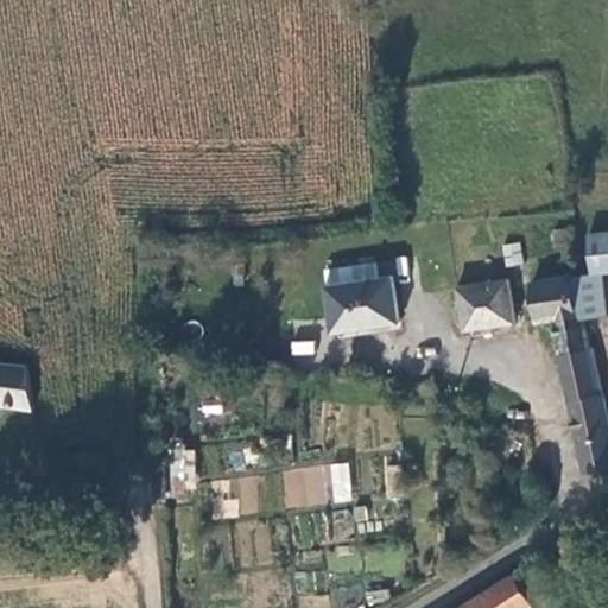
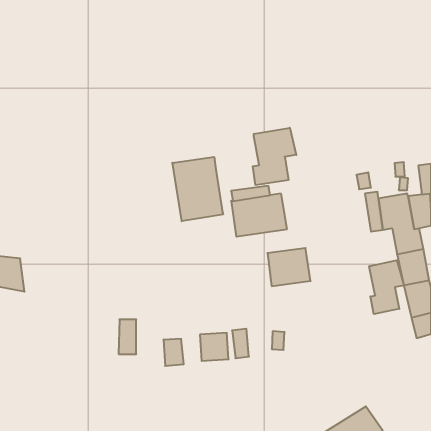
building: none -> [253,128,296,185]
building: none -> [172,157,223,221]
building: [456,279,517,332] -> [267,248,311,286]
building: none -> [369,260,404,314]

